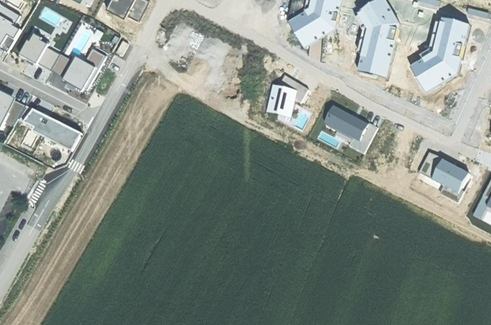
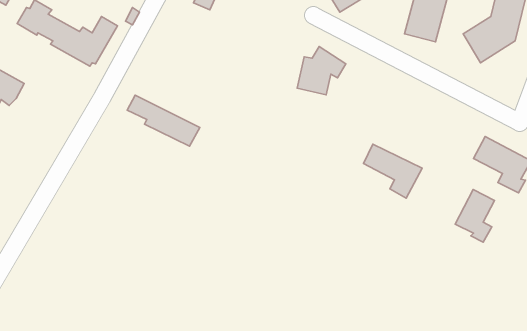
building: [21,107,84,151] -> [127,95,200,146]
building: [324,107,375,154] -> [363,144,422,198]
building: none -> [455,190,494,242]

